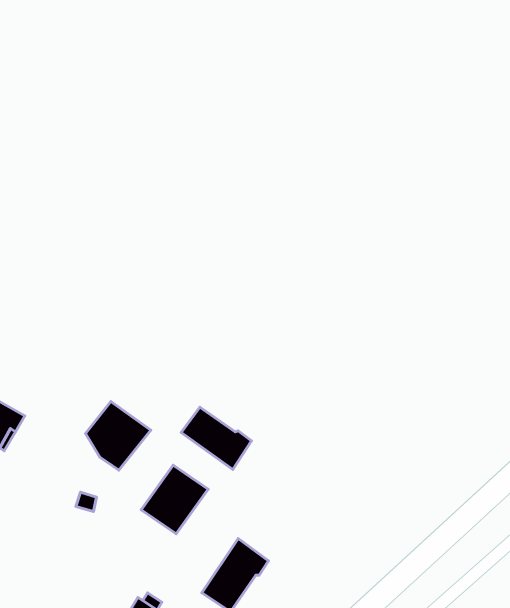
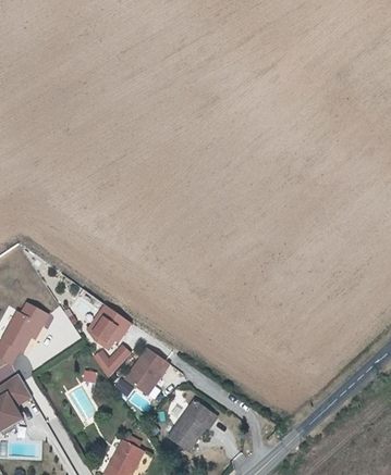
building: [181,407,252,469] -> none
building: none -> [95,345,133,378]

